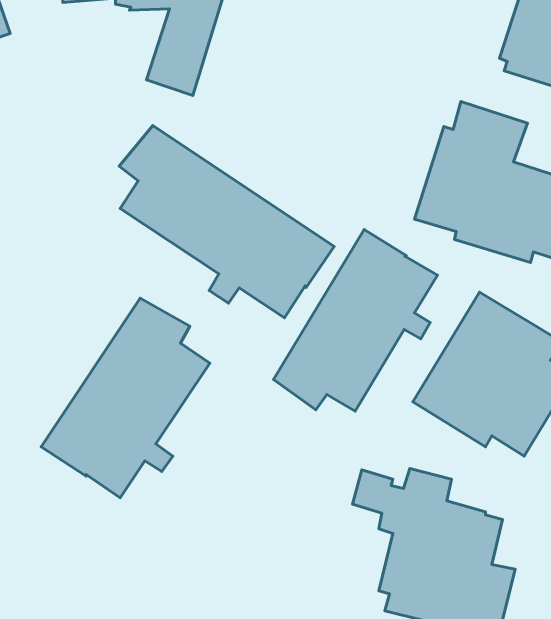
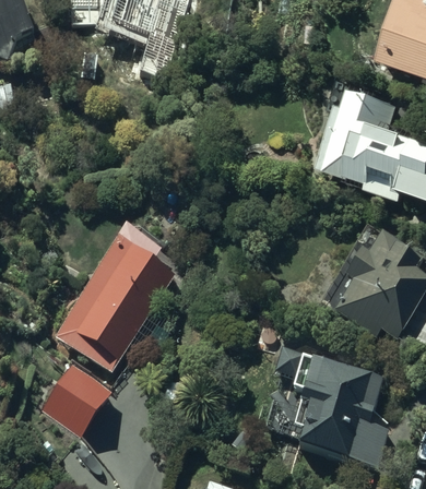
building: [119,126,334,318] -> none
building: [274,230,437,411] -> none
building: none -> [44,363,109,429]

